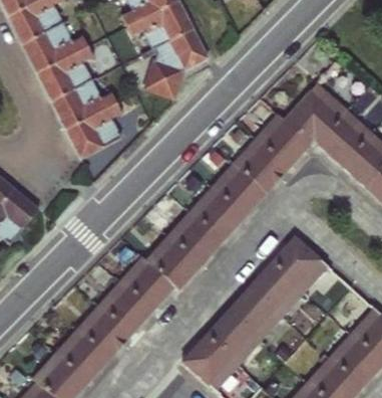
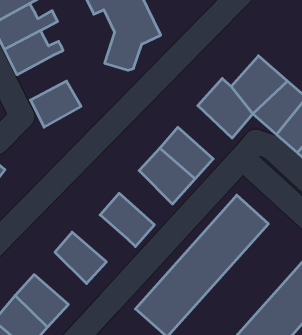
building: [50,81,124,132] -> none
building: [229,138,289,197] -> none
building: [163,210,223,270] -> none
building: [111,252,172,312] -> none
building: [69,301,127,359] -> none

